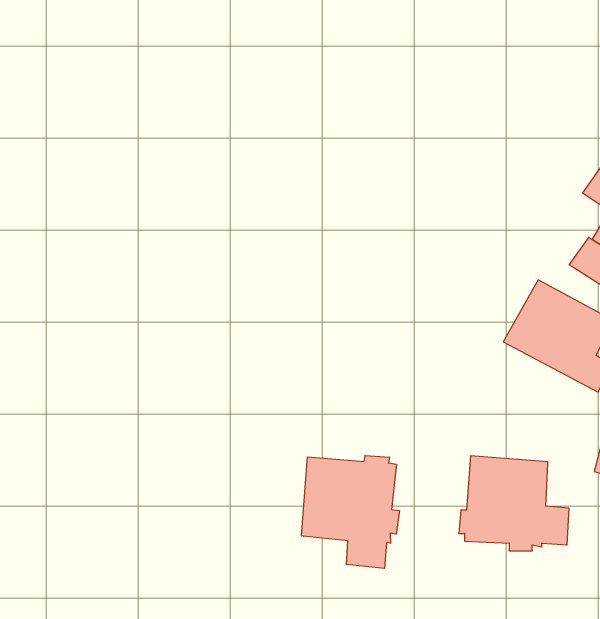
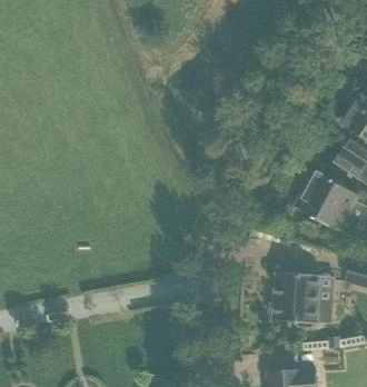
building: [302,455,400,568] -> none

